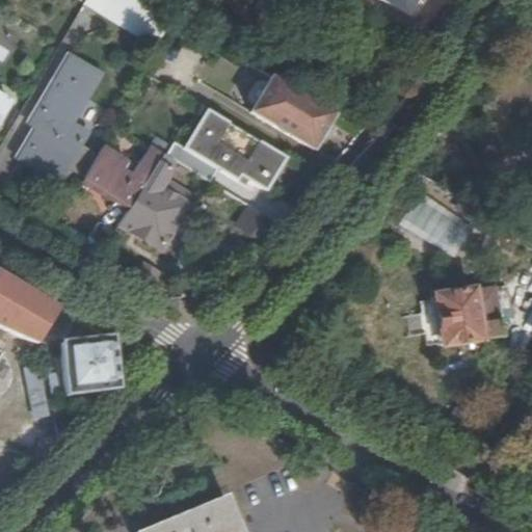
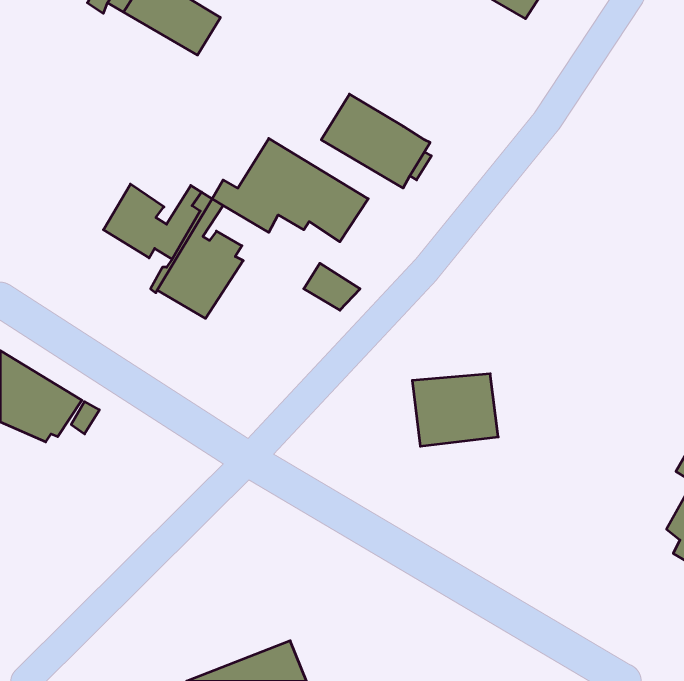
building: [19,55,100,179] -> none
building: [436,287,503,343] -> [412,374,498,446]
building: [59,337,117,395] -> none

